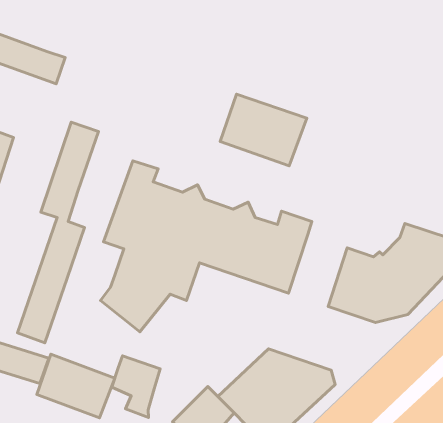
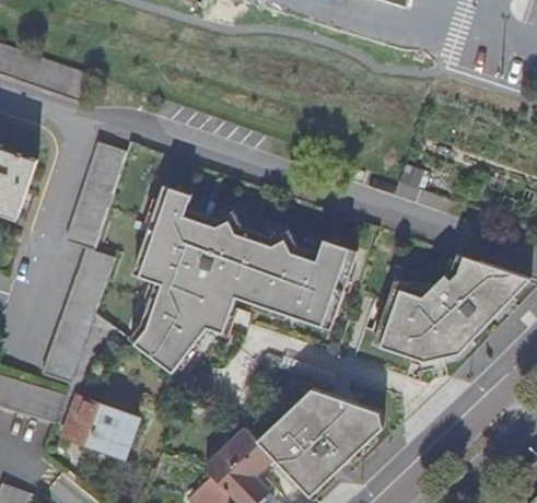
building: [220,94,307,166] -> none
building: [112,356,160,417] -> none

